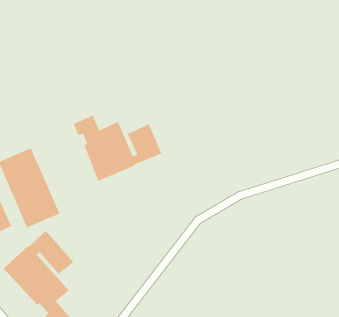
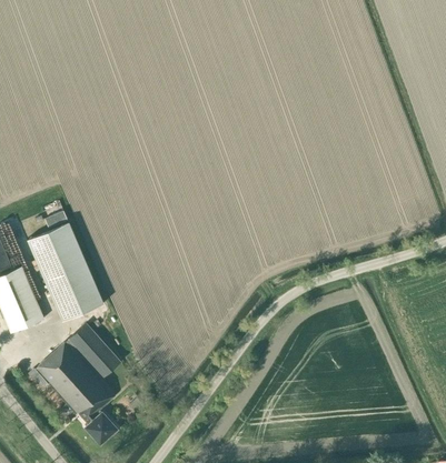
building: [73,115,163,182] -> none

